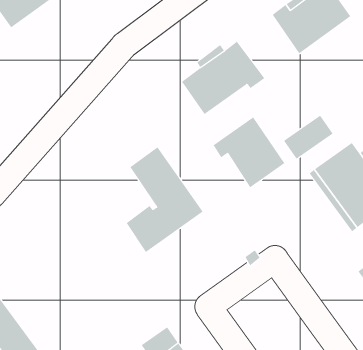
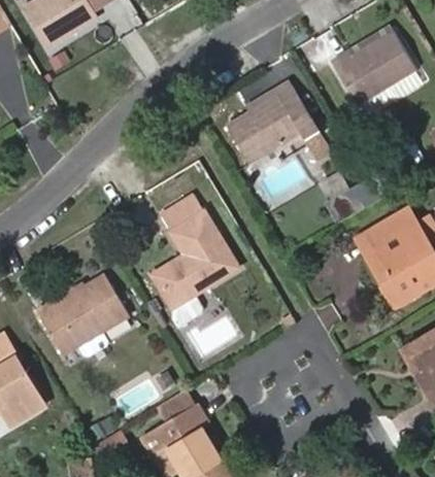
building: [213,116,285,188] -> none
building: none -> [41,274,129,353]

